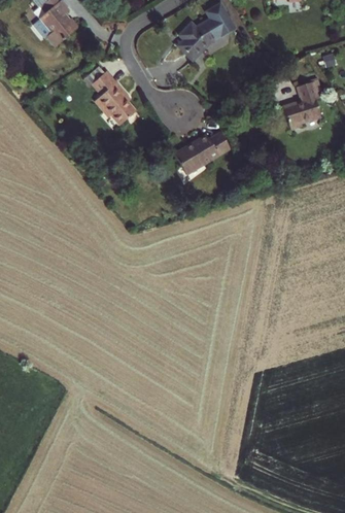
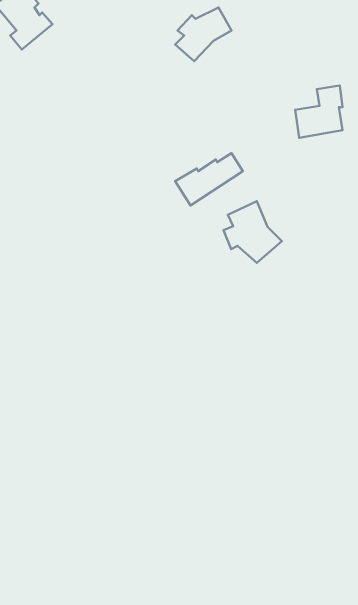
building: [92,71,137,128] -> none
building: none -> [224,201,282,263]

